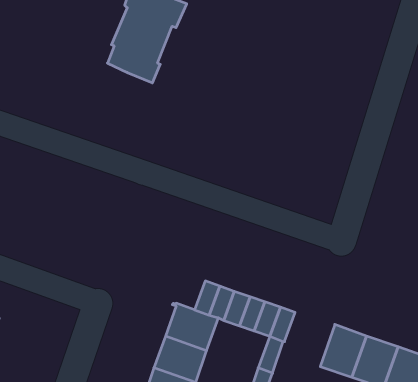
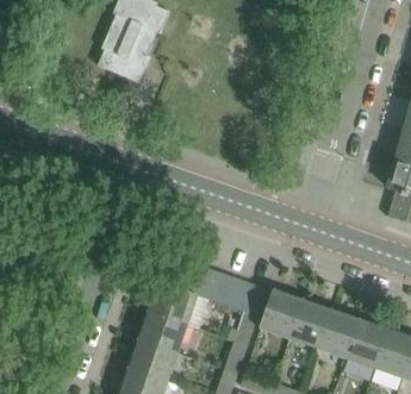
building: none -> [260,288,303,339]

